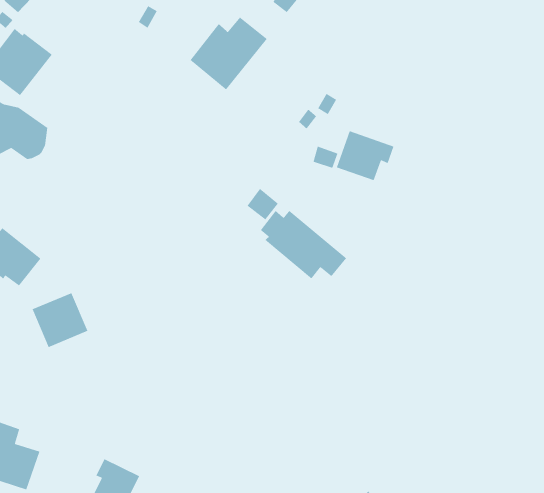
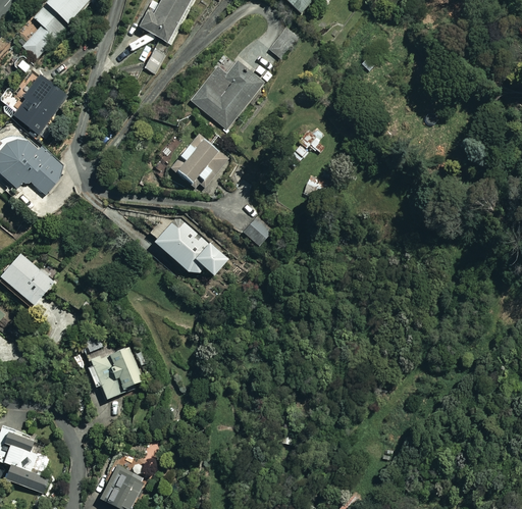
building: none -> [170,137,227,186]
building: [336,130,394,181] -> none
building: [260,210,347,279] -> [149,215,228,278]
building: [32,292,89,348] -> [92,348,144,399]

